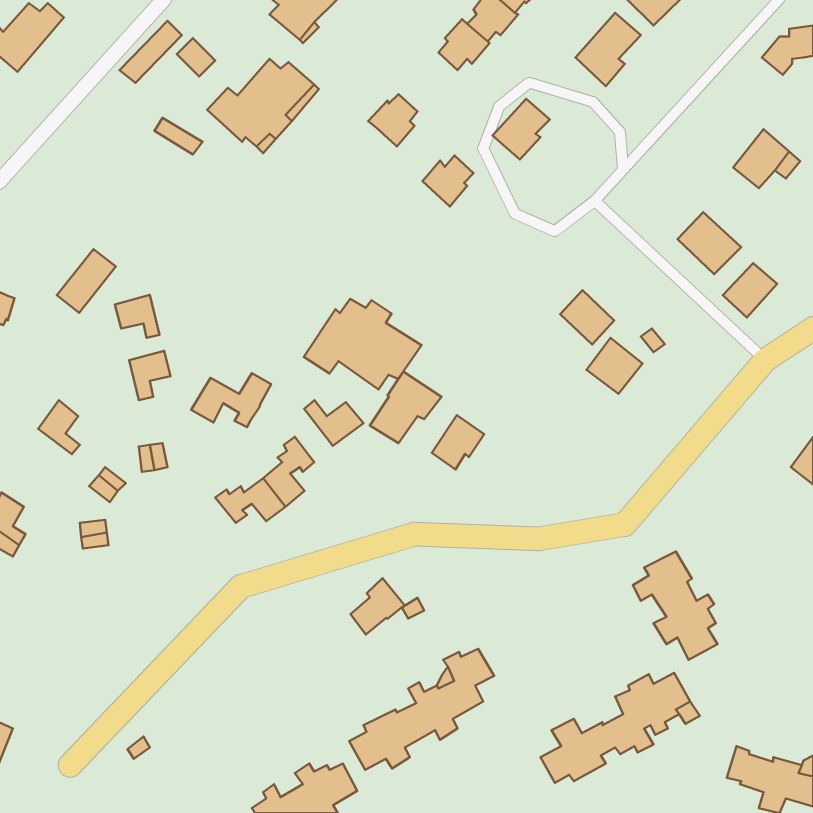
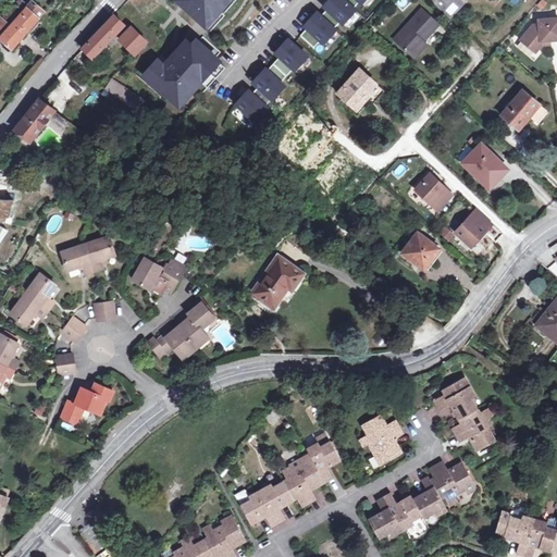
building: none -> [272,39,306,76]
building: [423,156,474,207] -> [235,87,270,122]
building: [57,249,116,313] -> [14,98,54,141]
building: [723,263,777,317] -> [456,209,493,246]
building: [560,290,614,344] -> [416,173,453,210]
building: [115,295,159,338] -> [64,246,95,275]
building: [304,299,421,389] -> none
building: [304,400,364,446] -> none
building: [432,415,484,469] -> none
building: none -> [10,293,49,323]
building: none -> [61,386,114,426]
building: [351,578,404,634] -> none
building: none -> [361,417,406,465]

